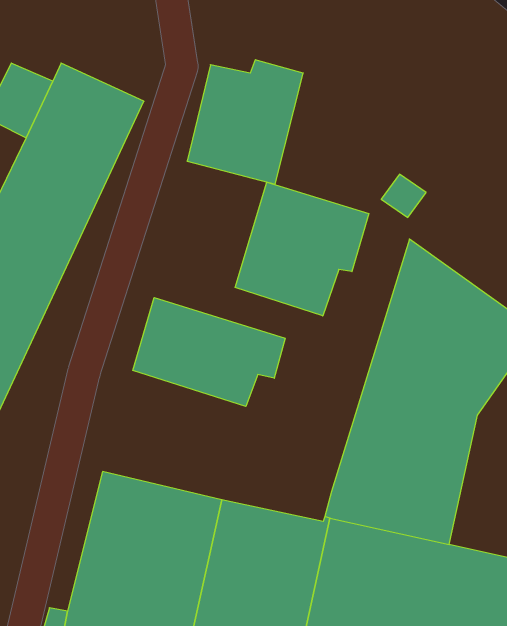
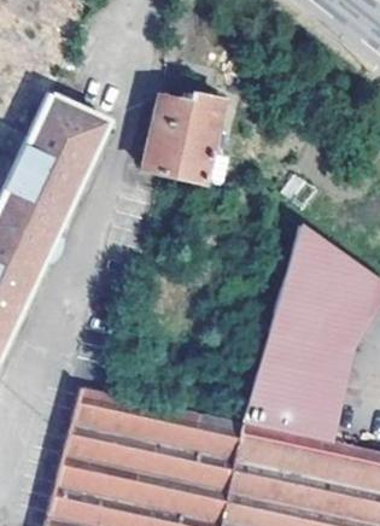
building: [235,182,369,316] -> none
building: [133,298,285,406] -> none

